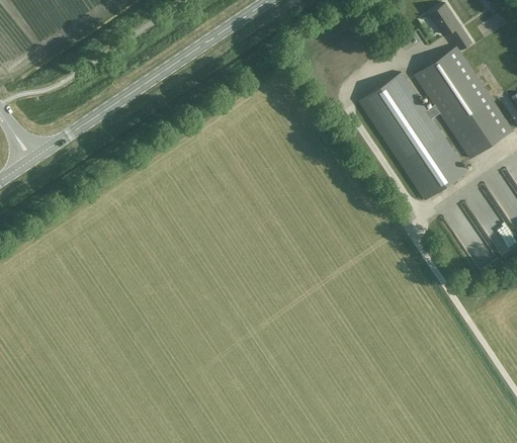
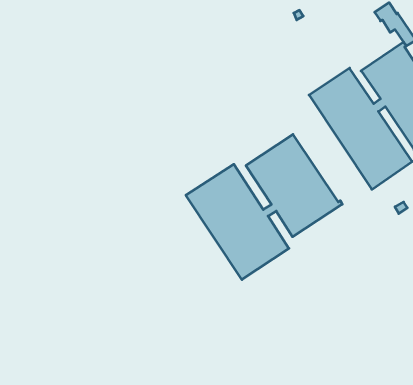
building: none -> [186,134,342,280]

